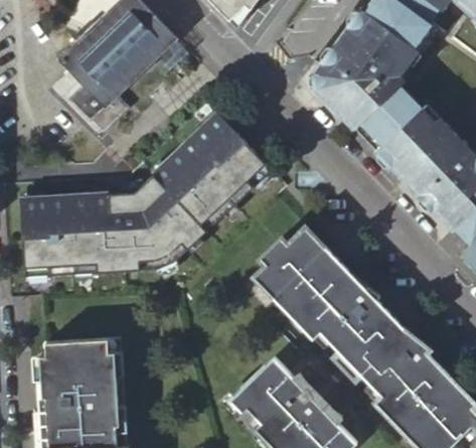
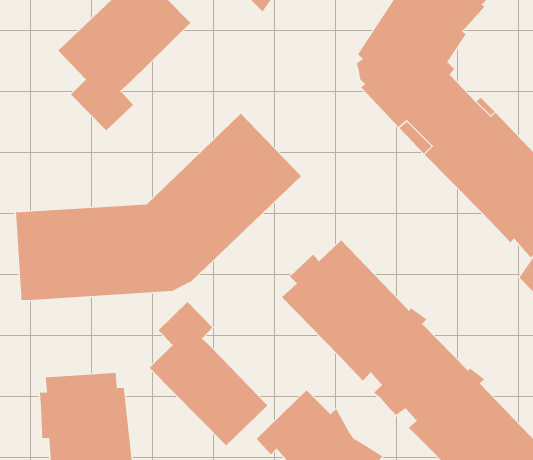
building: none -> [149,301,268,446]

